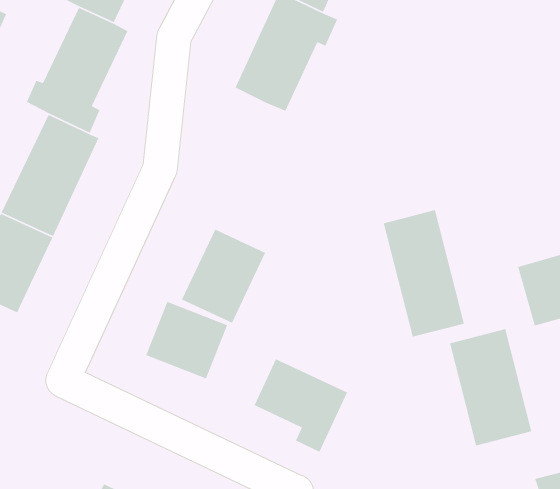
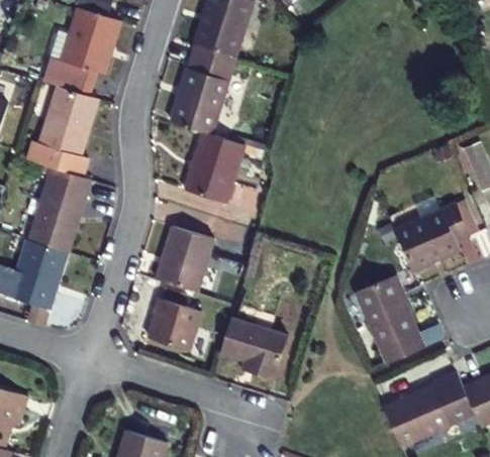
building: none -> [185,137,247,205]
building: [383,209,465,338] -> none

